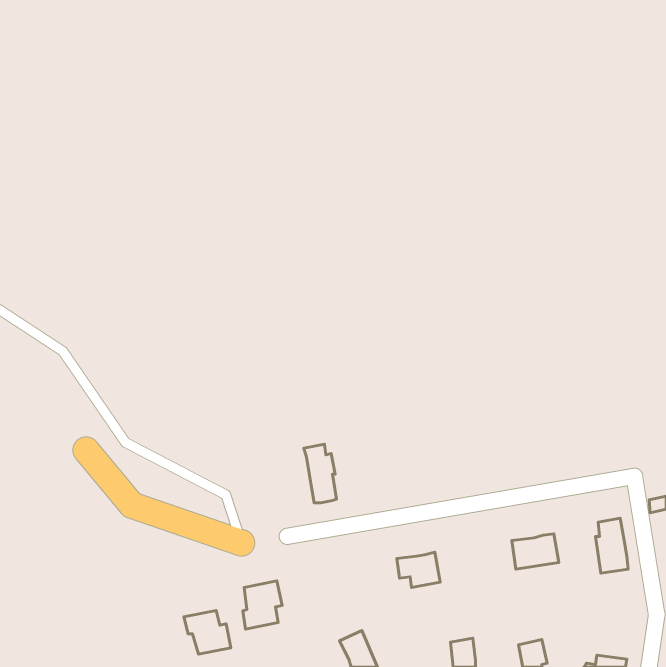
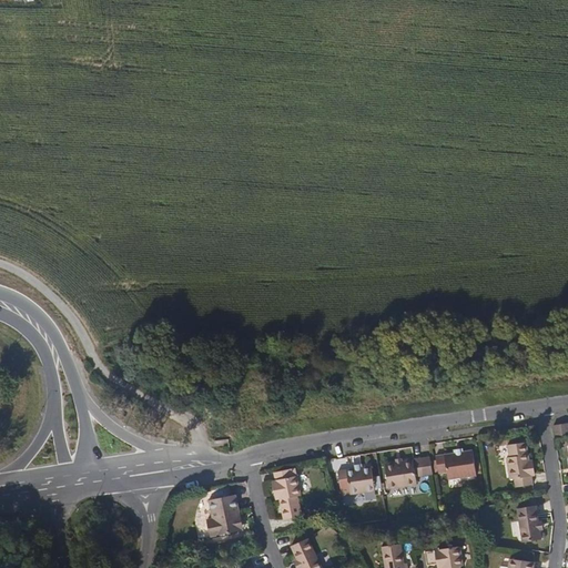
building: [304,444,336,503] -> [272,469,300,519]
building: none -> [384,460,433,493]
building: none -> [517,504,541,539]
building: [184,610,231,654] -> none

